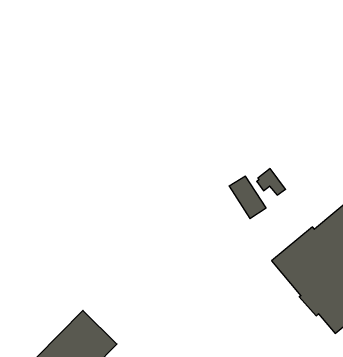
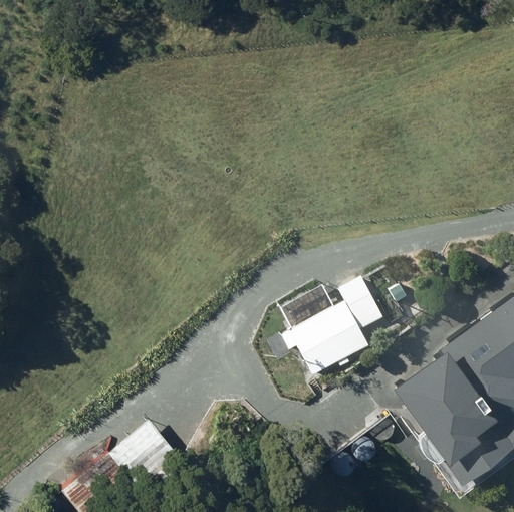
building: none -> [283,299,370,372]

